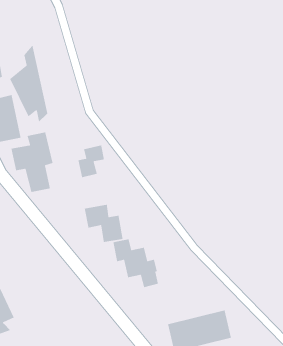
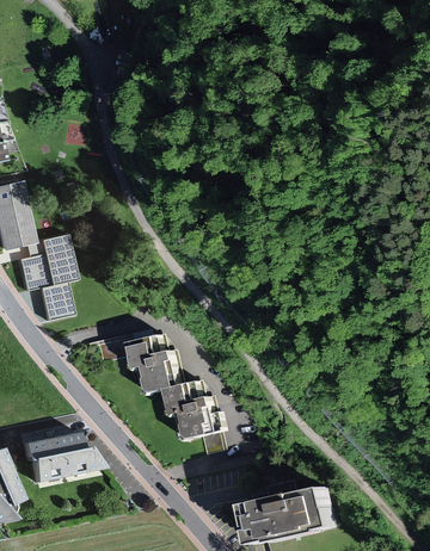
building: [9,44,48,123] -> none
building: [77,145,105,178] -> none
building: none -> [24,425,99,479]

